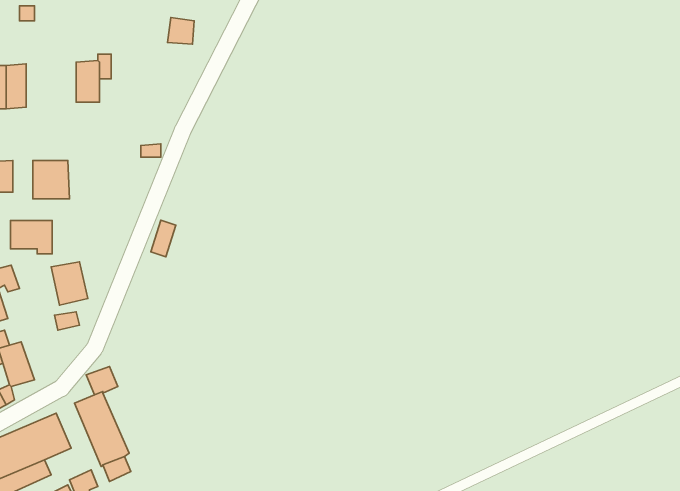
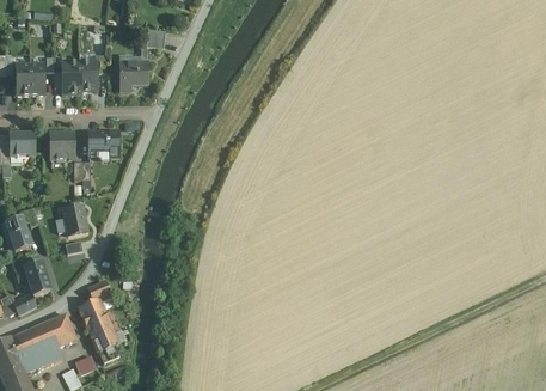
building: none -> [62,60,80,92]
building: none -> [119,61,148,90]
building: [11,221,52,254] -> [88,130,118,154]

